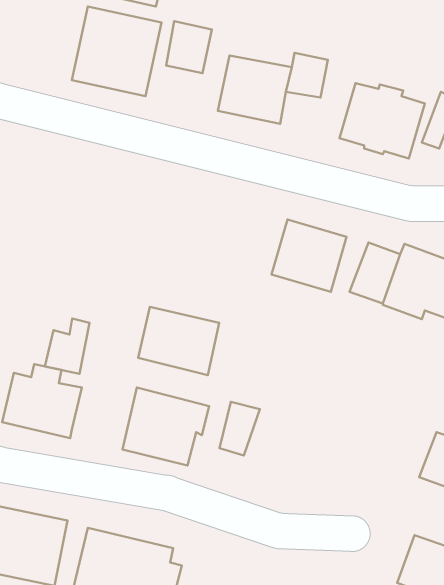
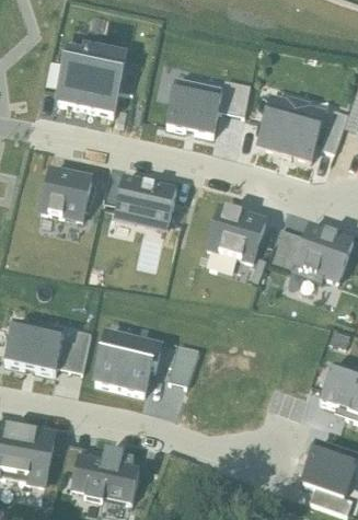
building: [166,21,212,73] -> none
building: none -> [41,167,91,219]
building: [138,307,219,375] -> [114,174,175,226]
building: [45,319,90,374] -> [56,327,90,369]

